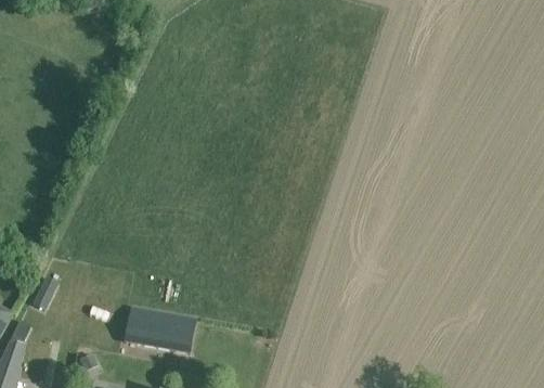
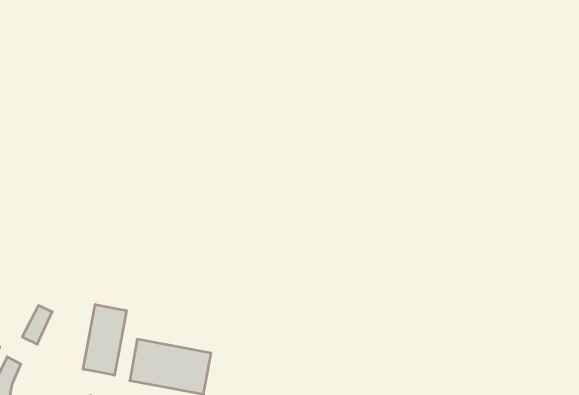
building: none -> [83,304,126,375]

